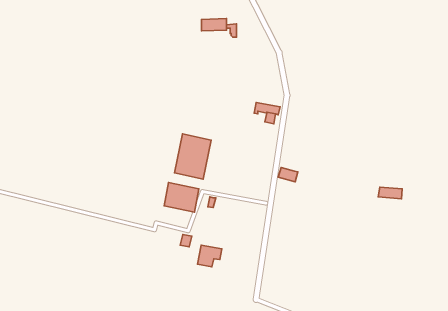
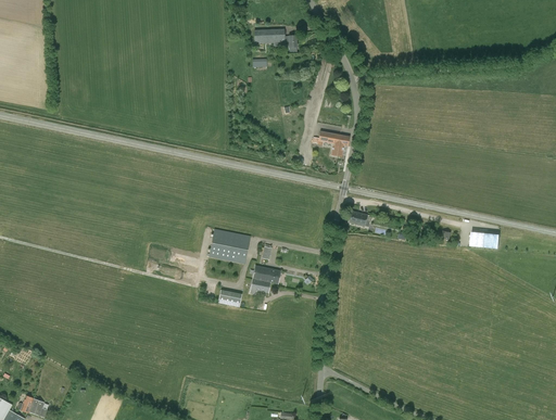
building: [175,134,211,179] -> none
building: [198,245,222,267] -> [250,266,279,292]

